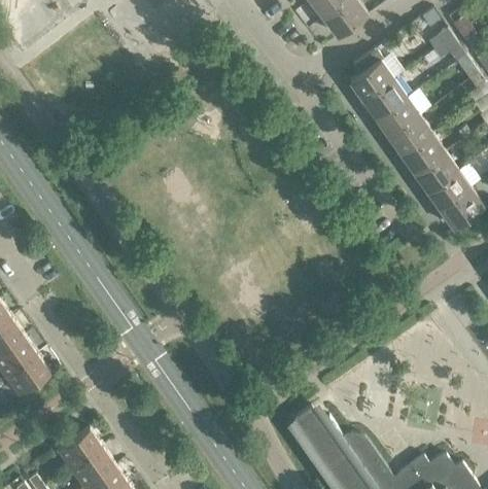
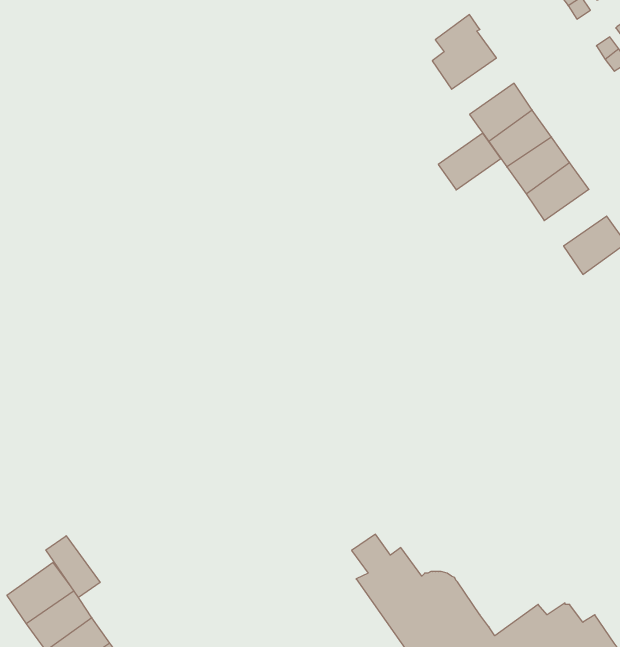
building: [362,79,406,118] -> [438,133,501,190]
building: [426,170,469,209] -> none
building: none -> [46,536,100,597]

